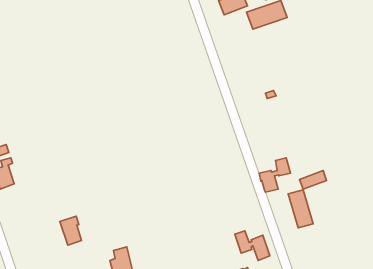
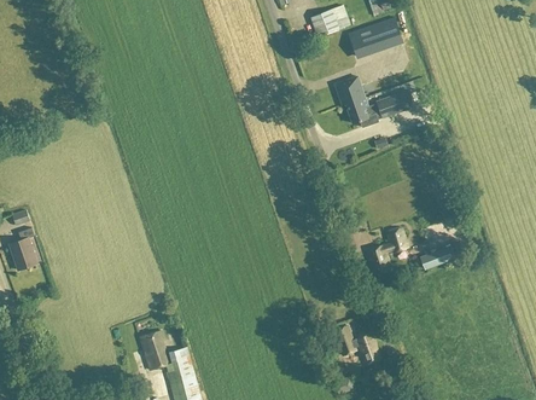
building: none -> [336,76,403,127]
building: [288,190,313,228] -> none
building: [60,216,81,245] -> [140,330,169,369]

